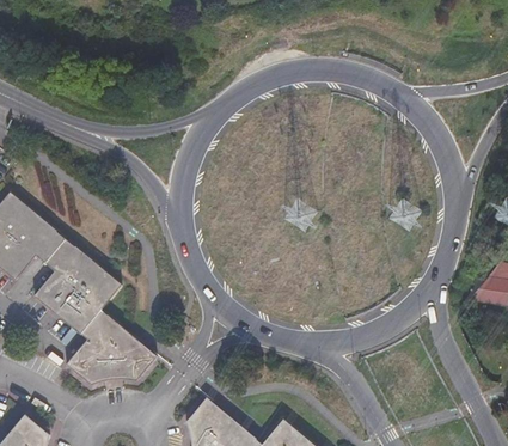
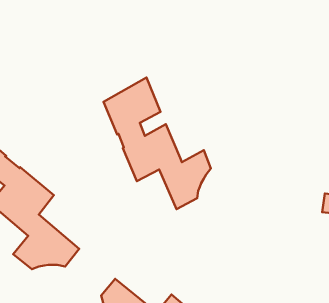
building: none -> [103,78,211,209]

